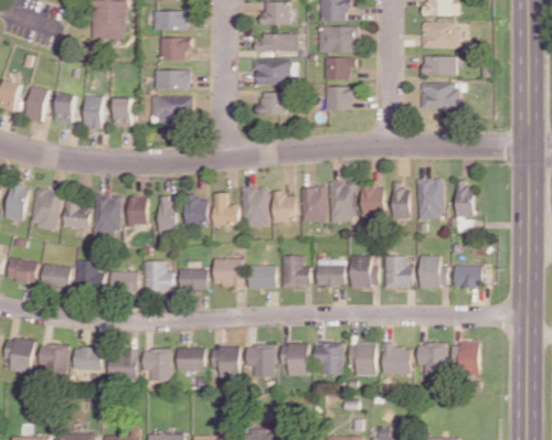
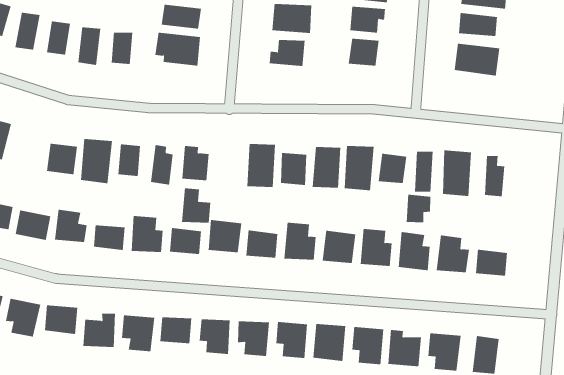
building: [32,189,61,228] -> none
building: [212,193,237,224] -> [181,188,211,223]
building: none -> [406,194,431,223]

